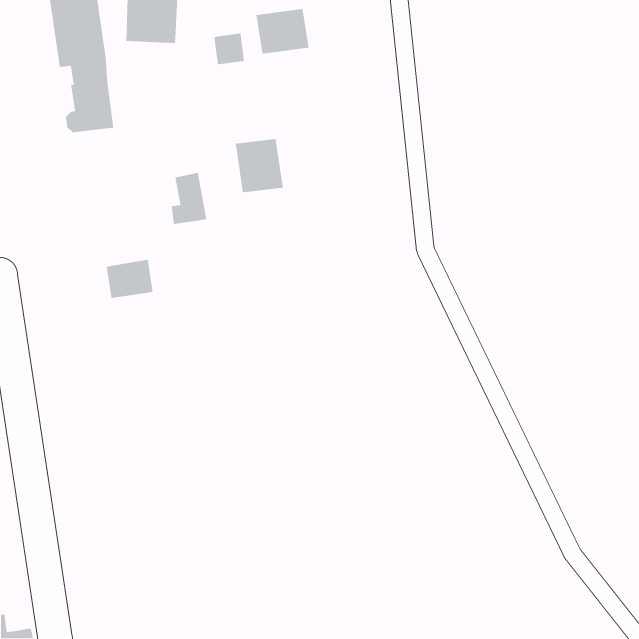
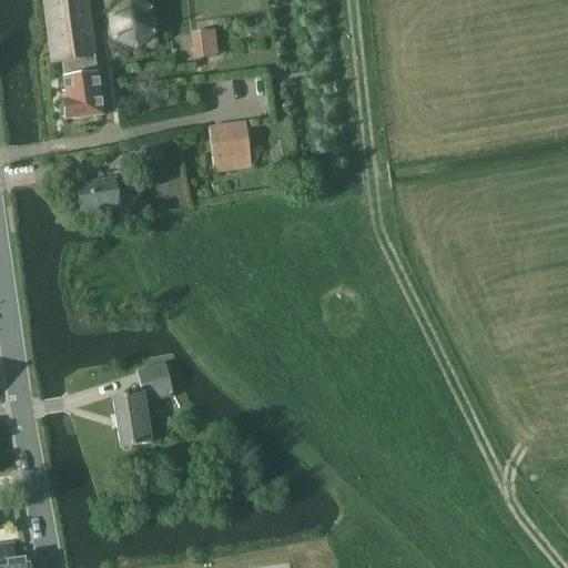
building: [256,8,309,55] -> none
building: [106,259,153,299] -> [78,176,120,212]
building: none -> [113,362,174,447]

